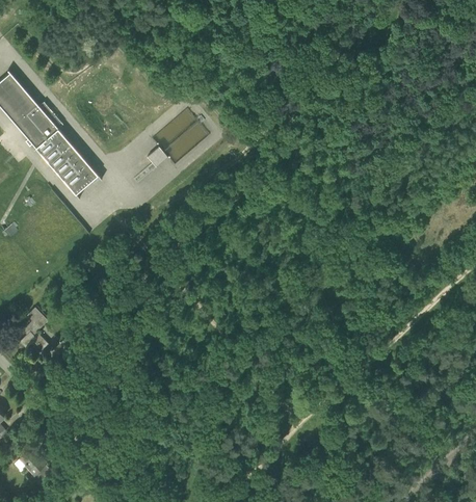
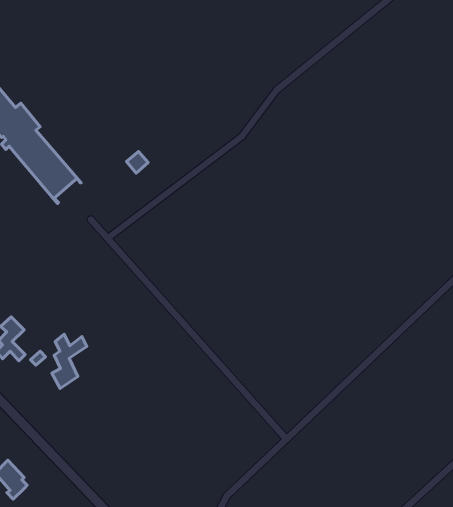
building: none -> [52,334,87,388]

